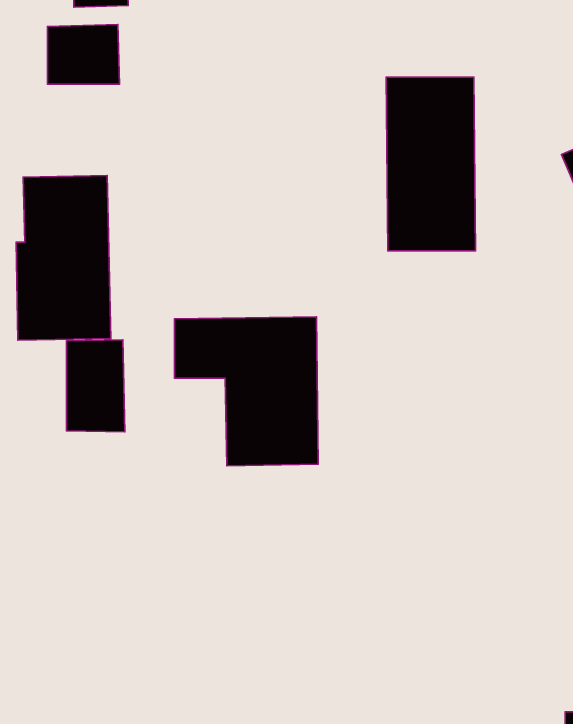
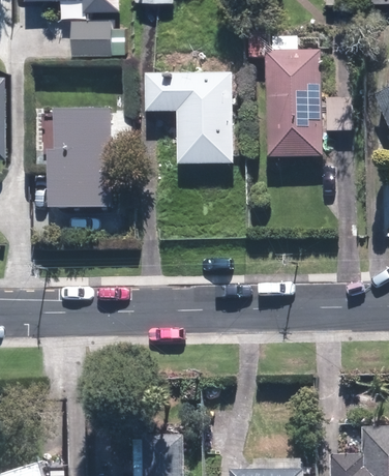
building: [174,317,318,466] -> [146,73,231,161]
building: [67,340,125,432] -> none

